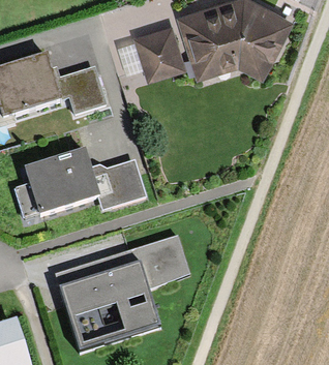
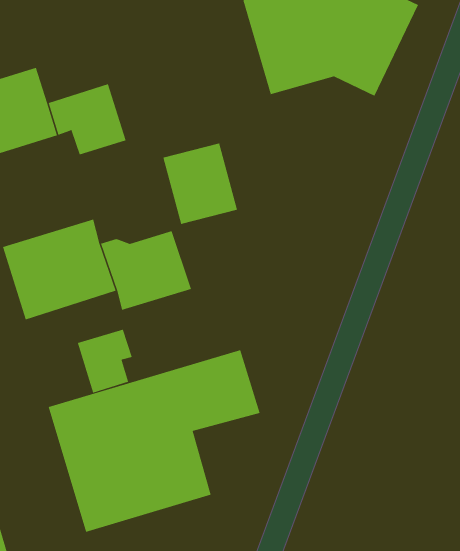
building: [134,25,182,77] -> [163,143,238,224]
building: none -> [77,329,133,393]

